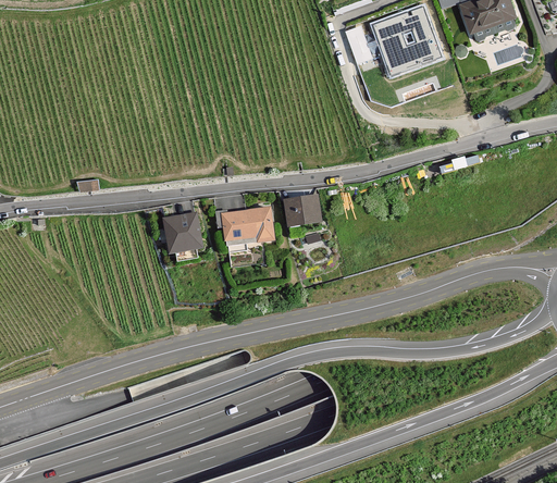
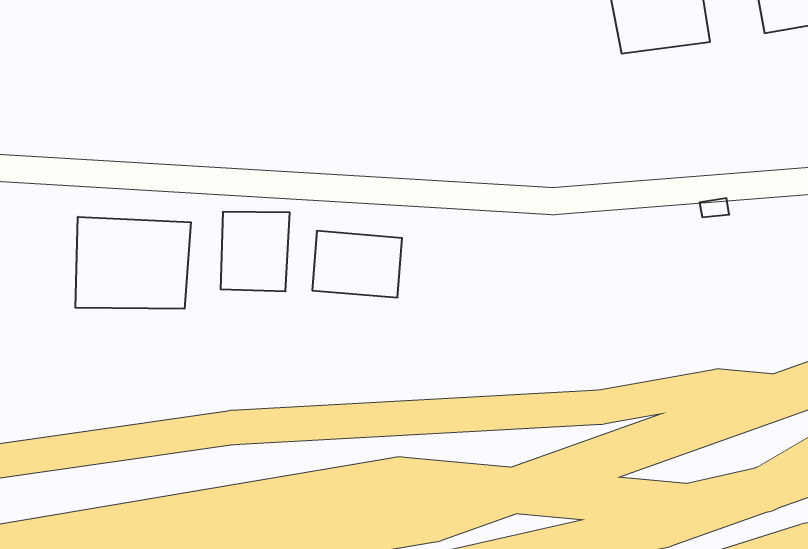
building: [284,195,323,230] -> none
building: none -> [75,217,191,309]

